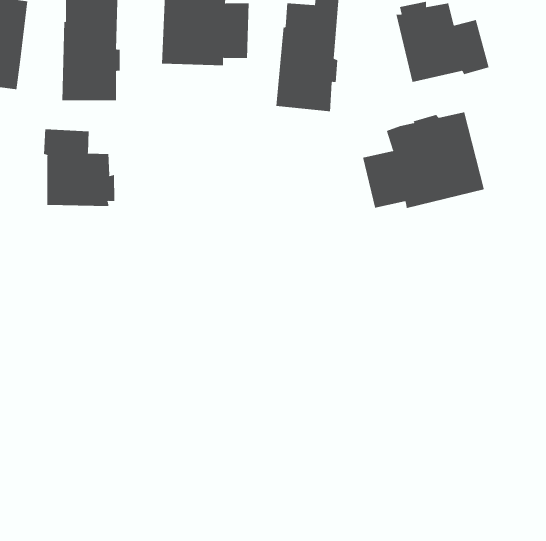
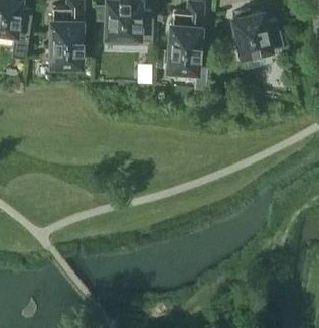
building: [363,112,485,209] -> none
building: [43,128,115,207] -> none

